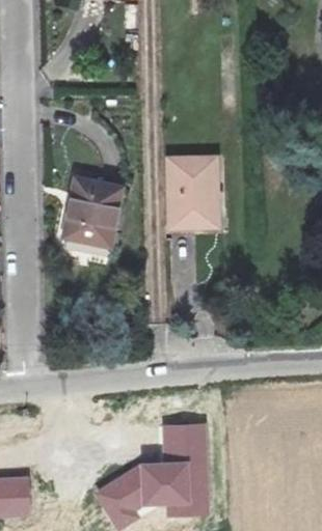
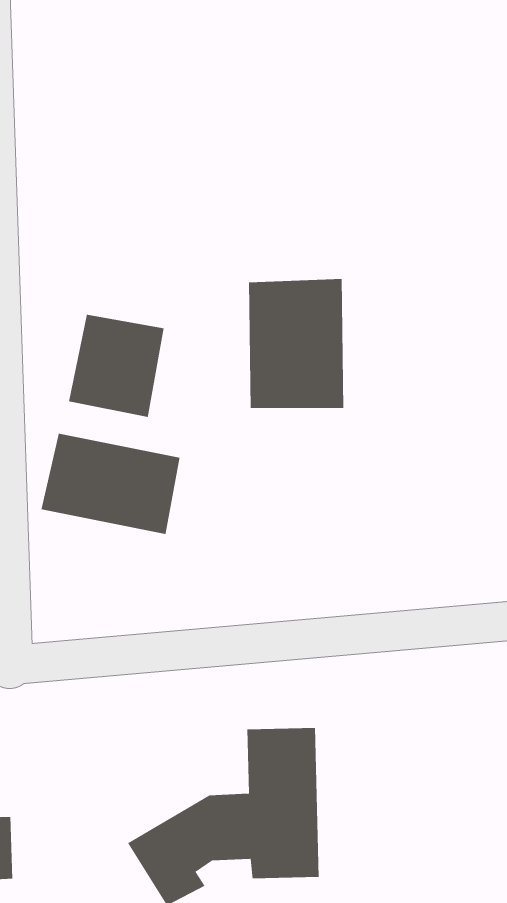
building: none -> [41,433,180,535]

